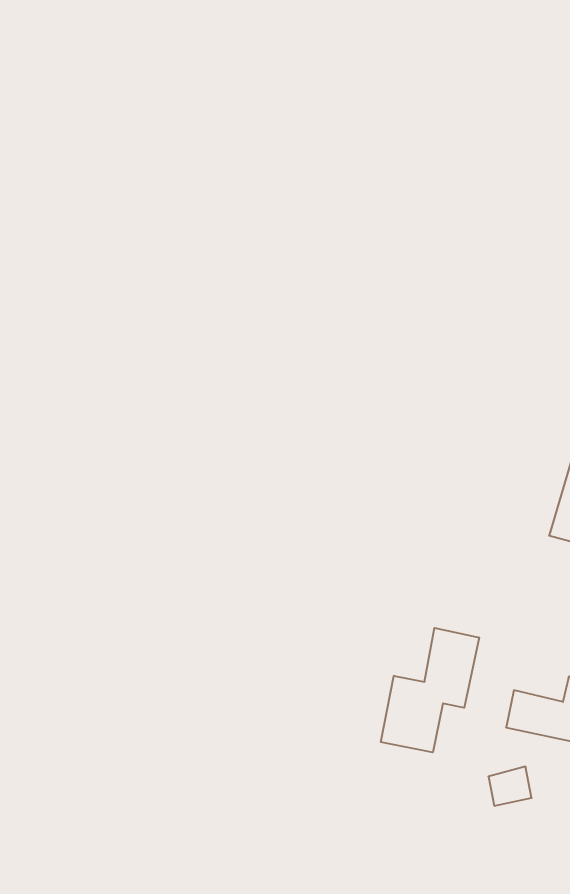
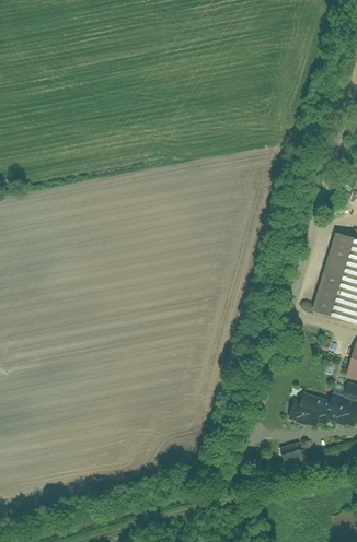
building: [381,628,479,752] -> none

